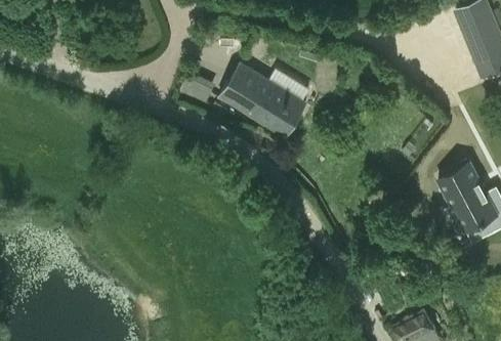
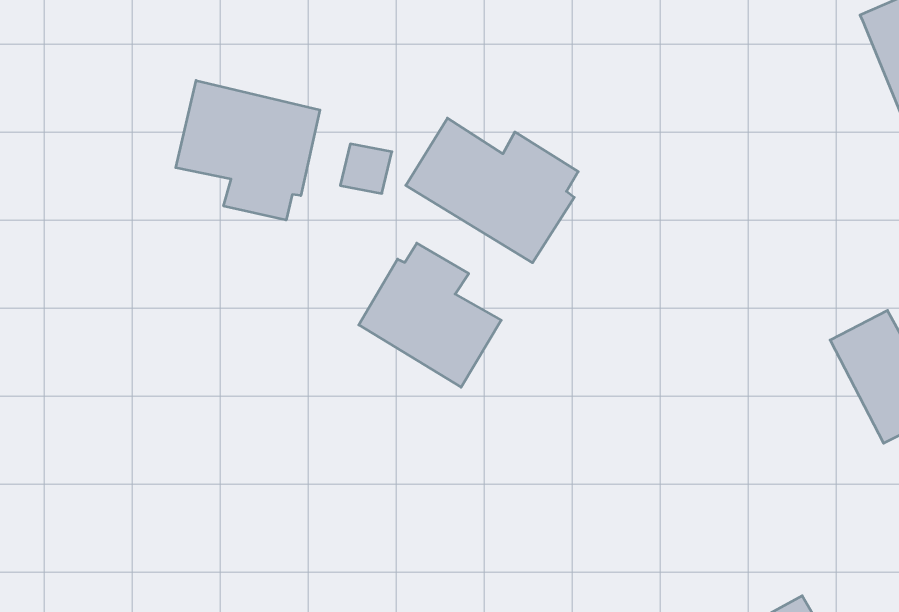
building: none -> [176,80,320,220]
building: none -> [359,243,501,387]

